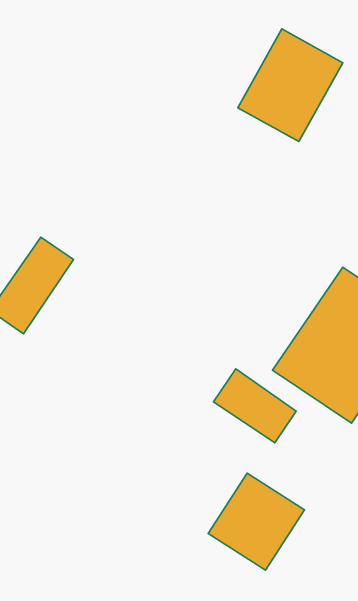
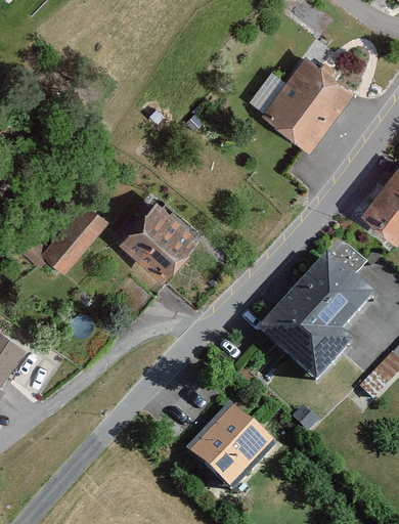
building: none -> [112,198,192,277]
building: [213,369,296,443] -> none

